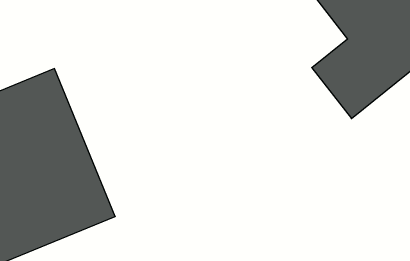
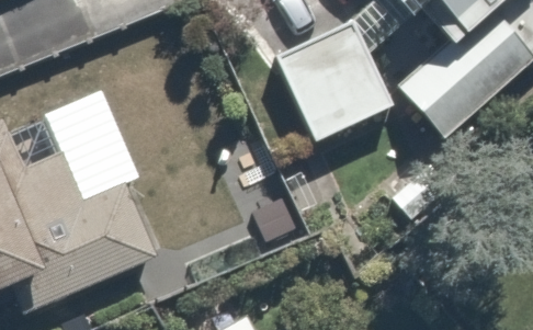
building: none -> [273,19,405,155]

